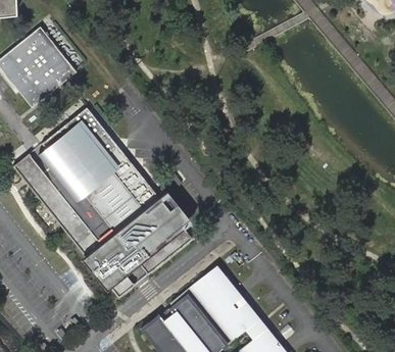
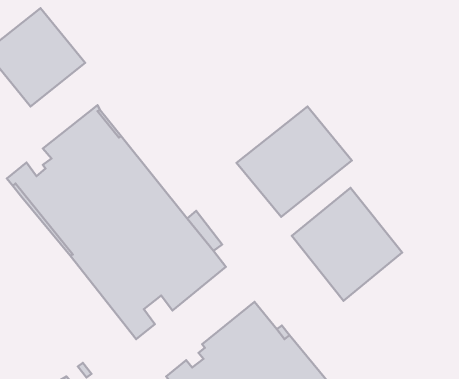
building: none -> [237,107,352,217]
building: none -> [292,188,402,301]

